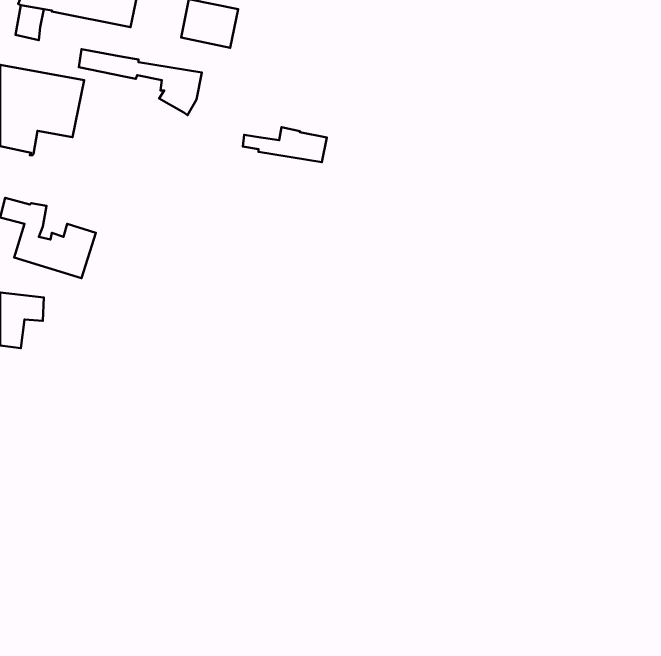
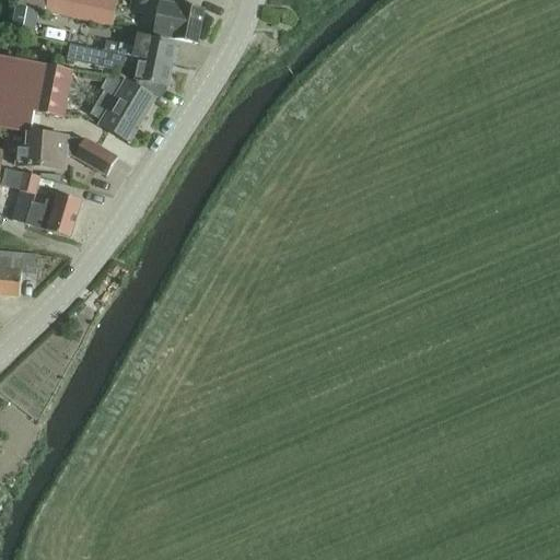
building: none -> [100,79,155,139]
building: [243,127,327,162] -> [104,32,175,61]
building: none -> [14,130,117,173]

